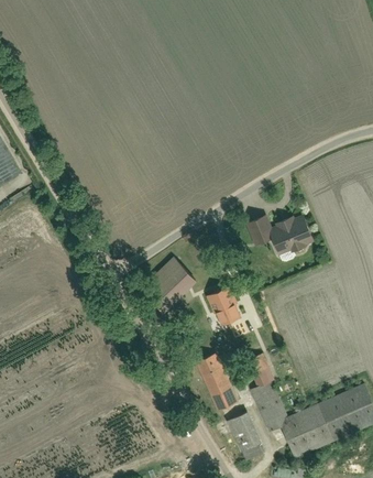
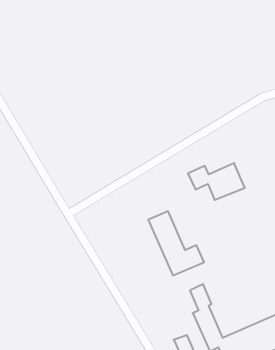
building: [145,256,196,306] -> none
building: [196,349,238,409] -> none

